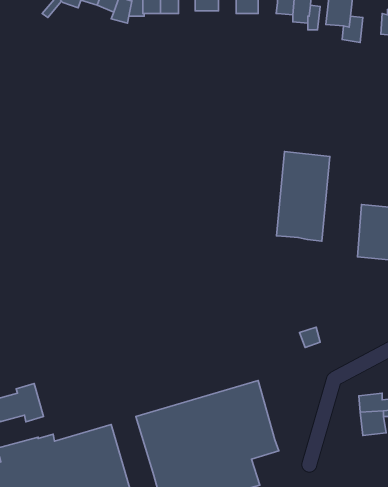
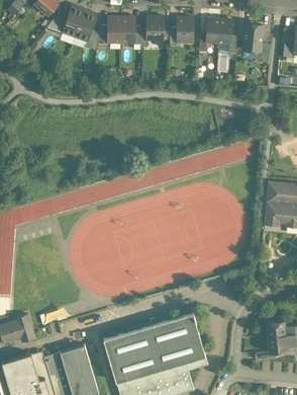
building: [277,151,330,241] -> none

